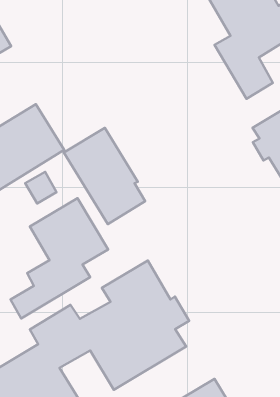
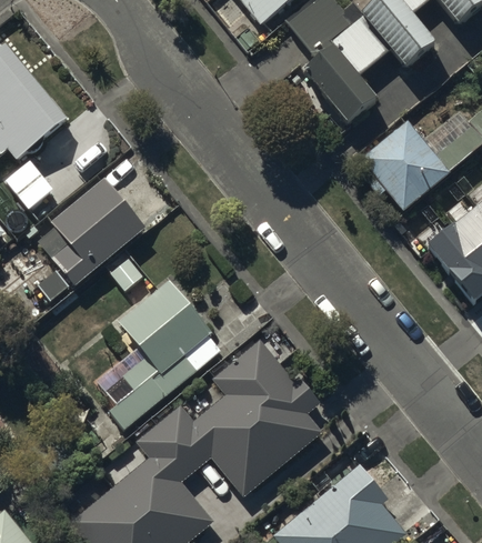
building: [64,128,145,224] -> none

